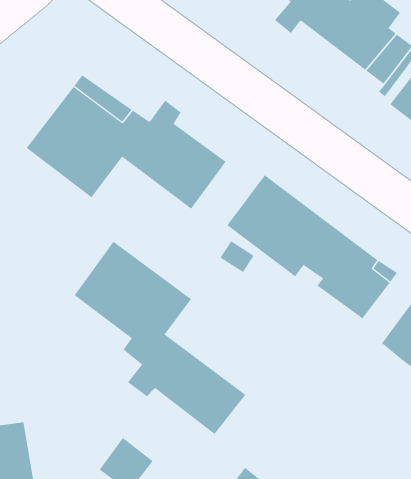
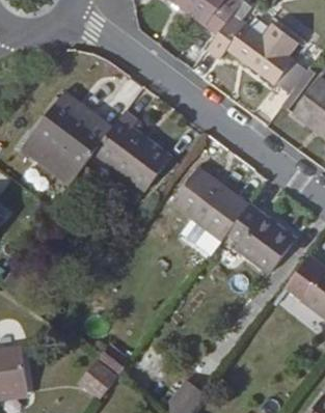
building: [74,241,246,435] -> none

